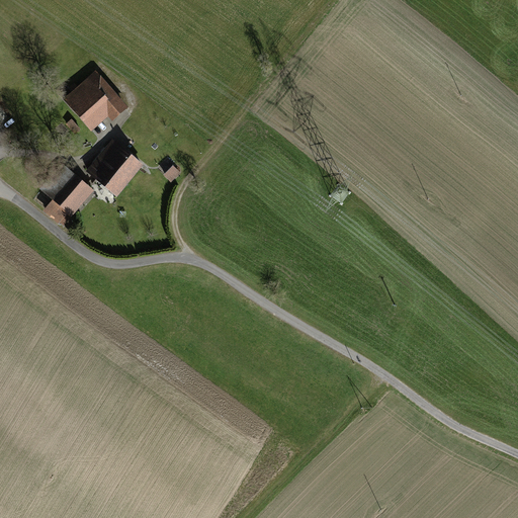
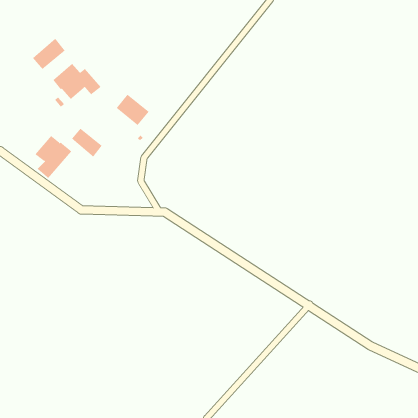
building: none -> [32,38,65,70]
building: [100,141,142,180] -> [116,94,149,126]

